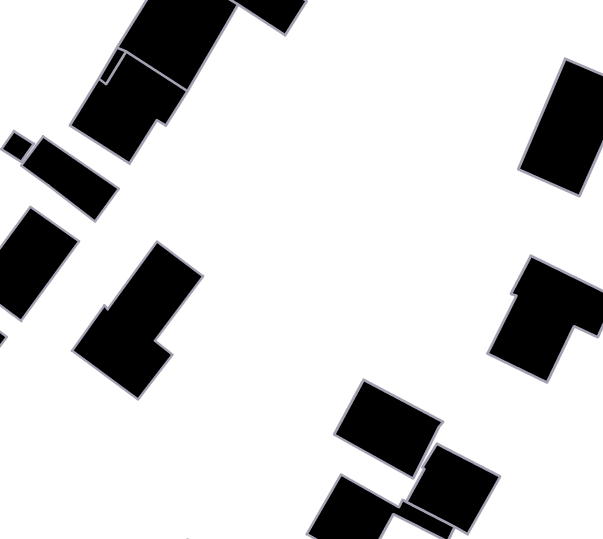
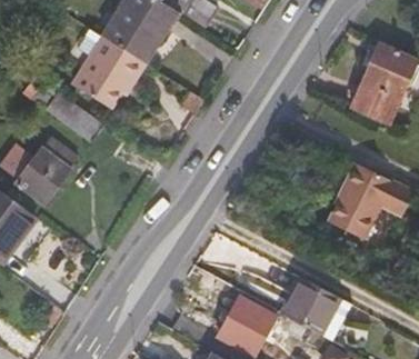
building: [72,242,203,399] -> none
building: [334,380,443,478] -> none

